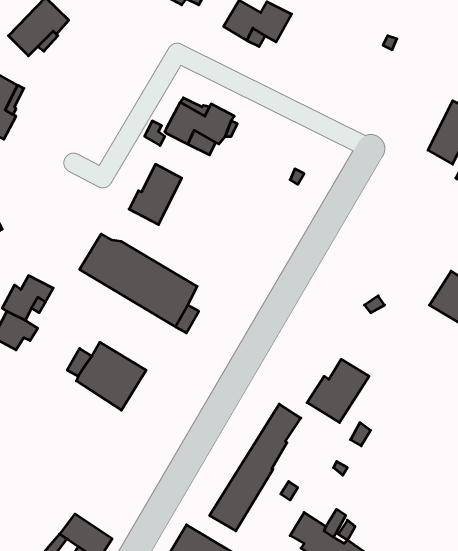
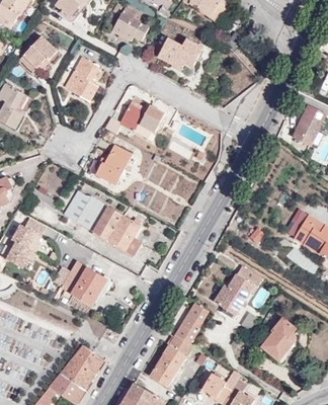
building: none -> [65,57,99,101]
building: none -> [261,317,295,358]
building: none -> [61,345,104,390]

